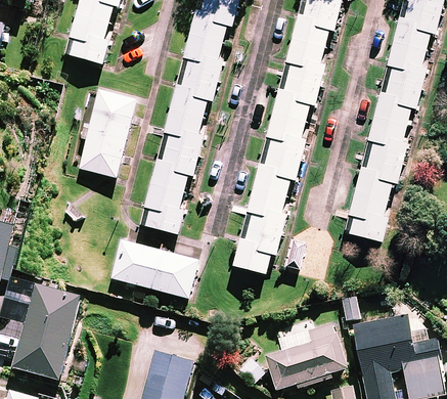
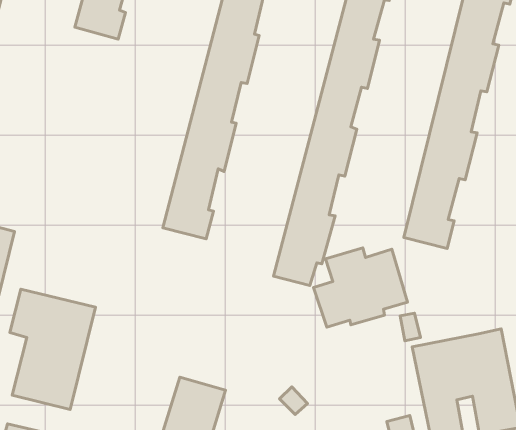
building: [79,90,135,177] -> none
building: [110,240,197,298] -> none
building: [266,321,346,389] -> [314,248,408,327]

